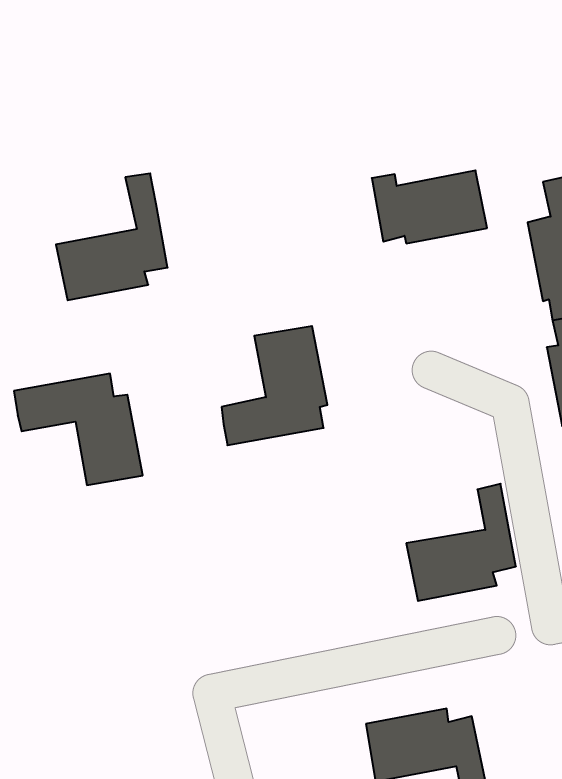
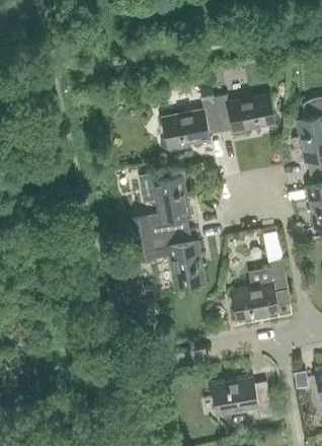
building: [56,173,168,300] -> [161,82,220,149]
building: [14,374,143,485] -> [138,230,206,289]

